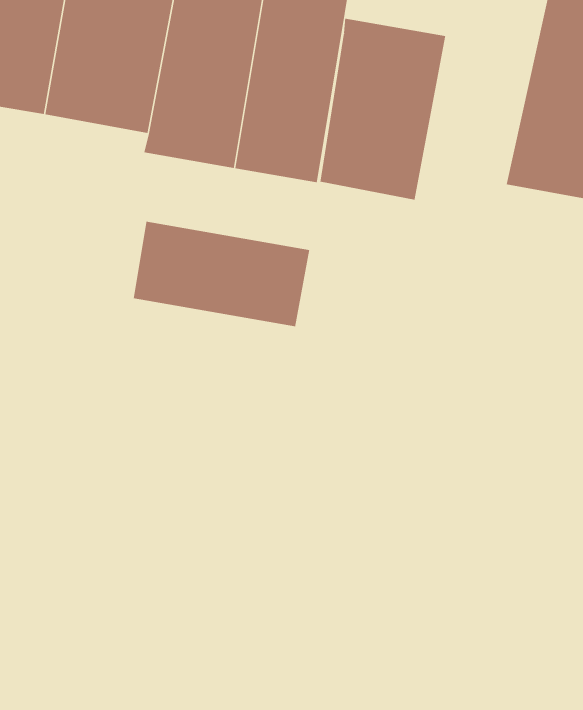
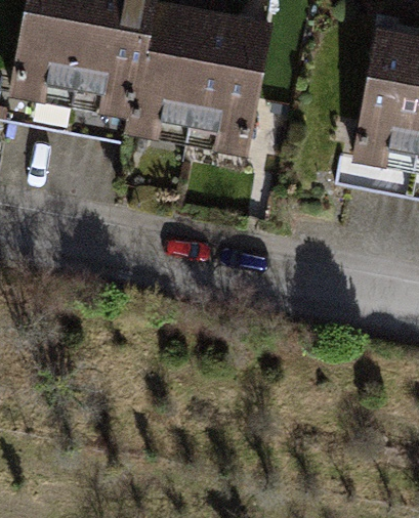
building: [320,18,446,201] -> none
building: [133,221,310,327] -> none

